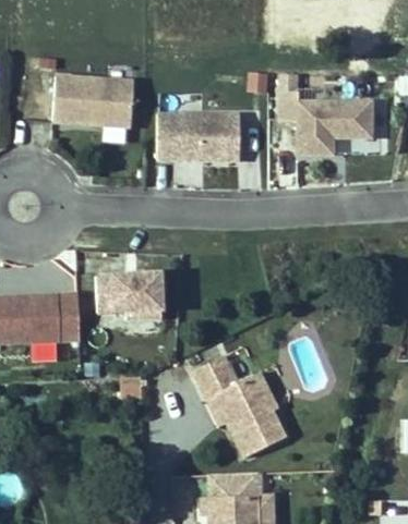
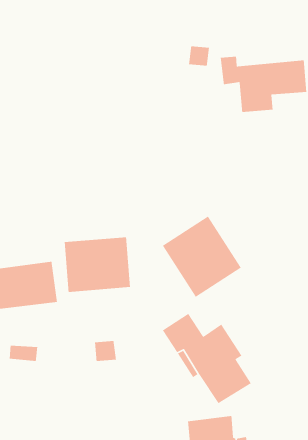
building: [52,75,133,125] -> none
building: [157,113,238,159] -> none
building: none -> [162,215,242,298]

